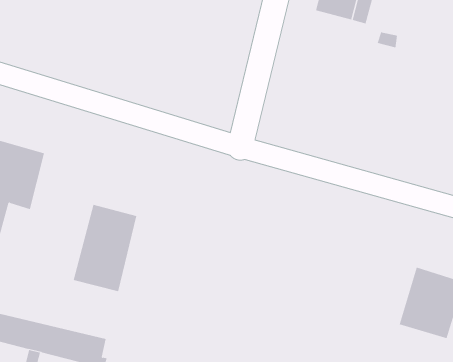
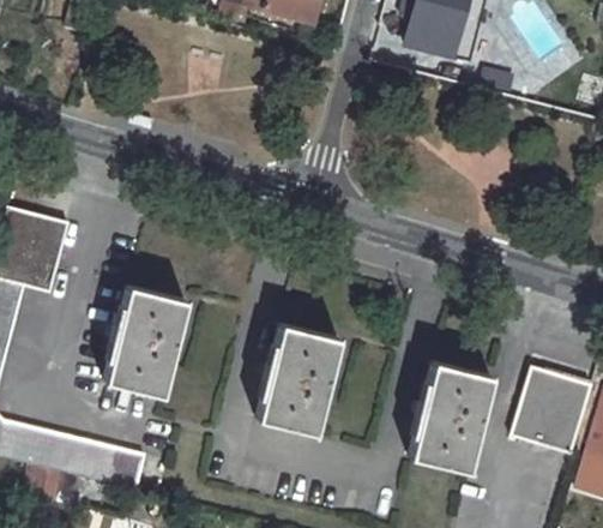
building: none -> [255,325,338,436]
building: none -> [410,361,492,473]

